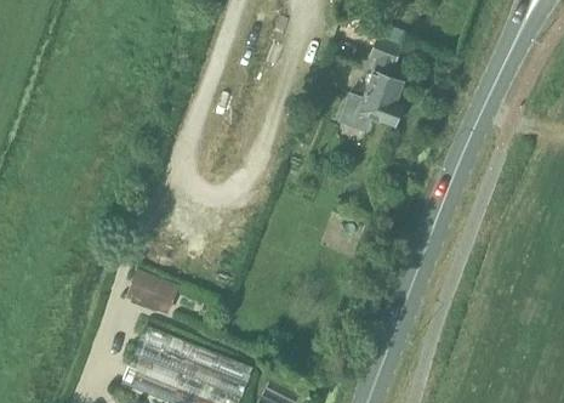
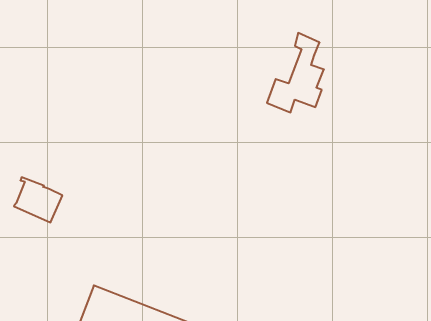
building: [125,265,180,316] -> [14,177,62,222]

